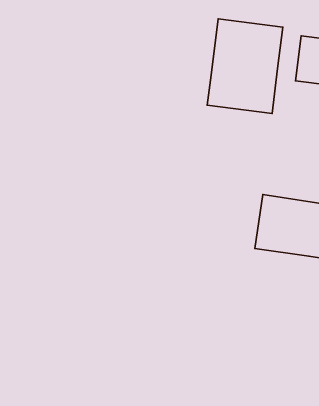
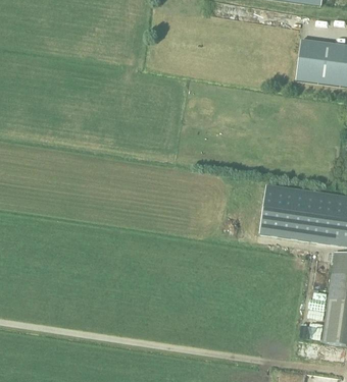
building: [207,19,283,114] -> none

